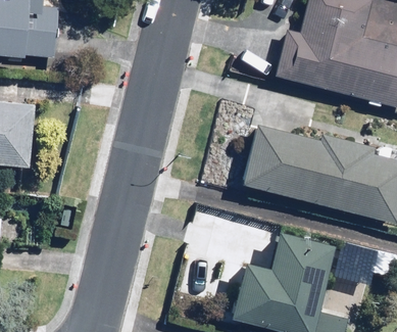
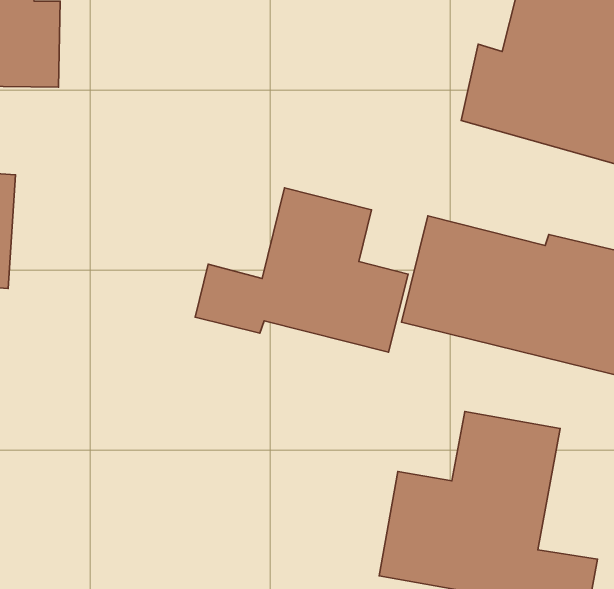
building: none -> [195,188,408,352]

